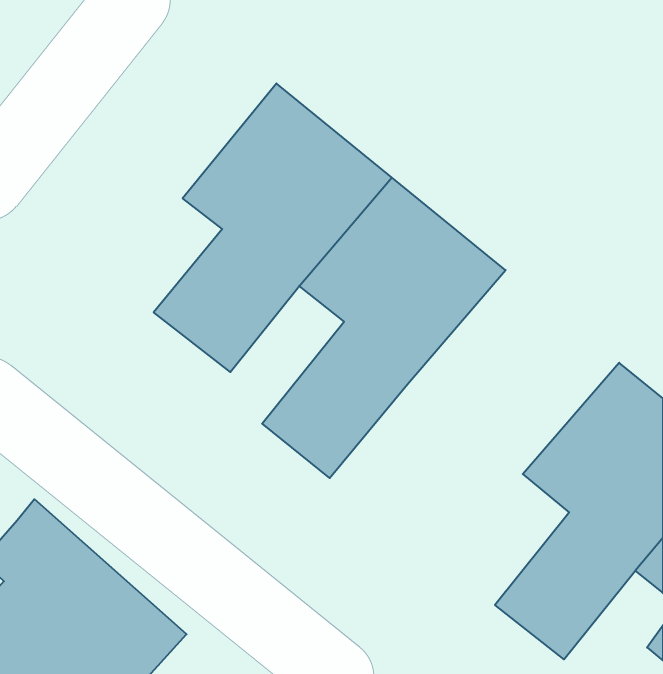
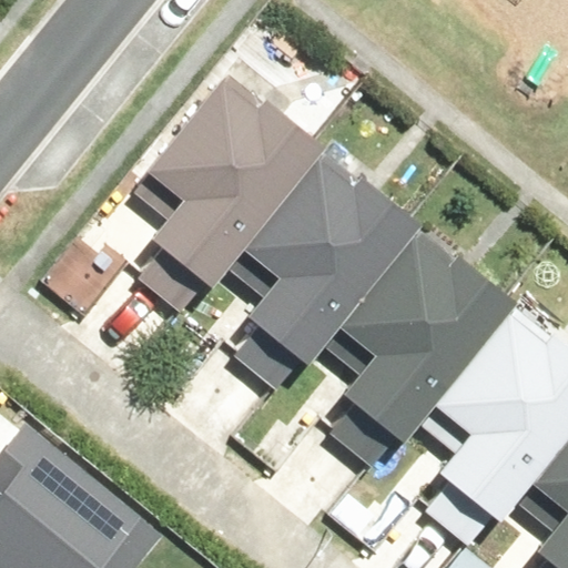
building: none -> [326,229,519,470]

